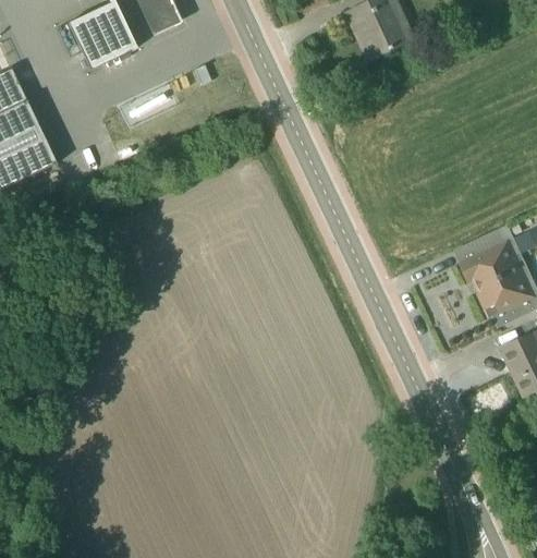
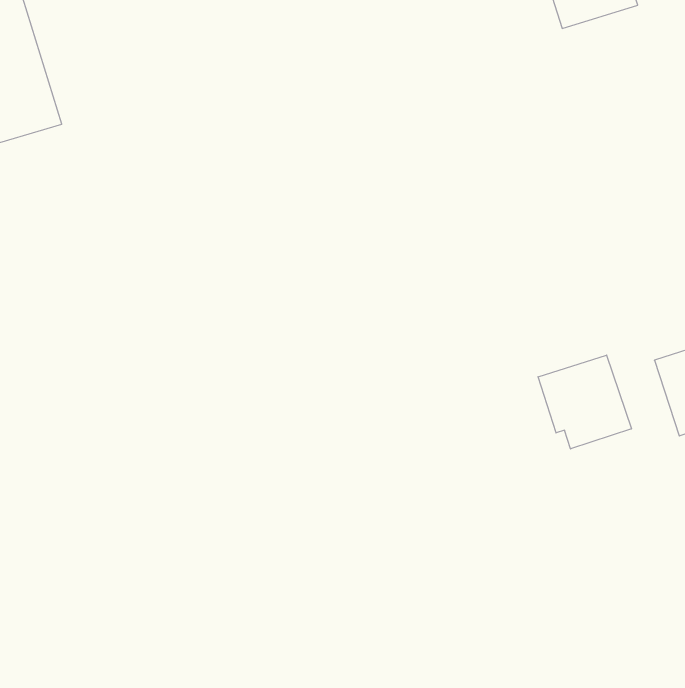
building: none -> [538,355,631,449]

